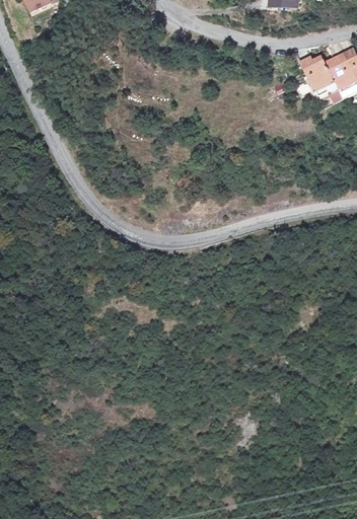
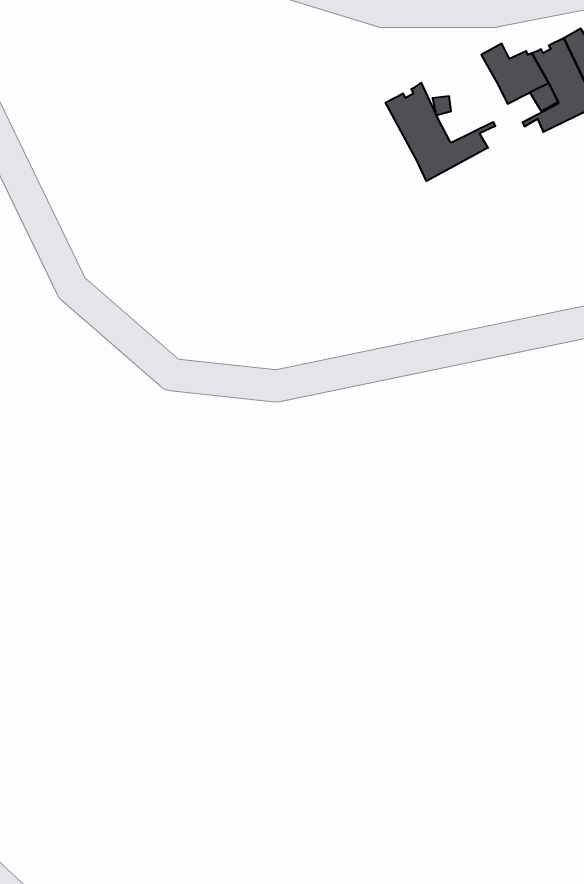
building: none -> [386,83,495,181]

